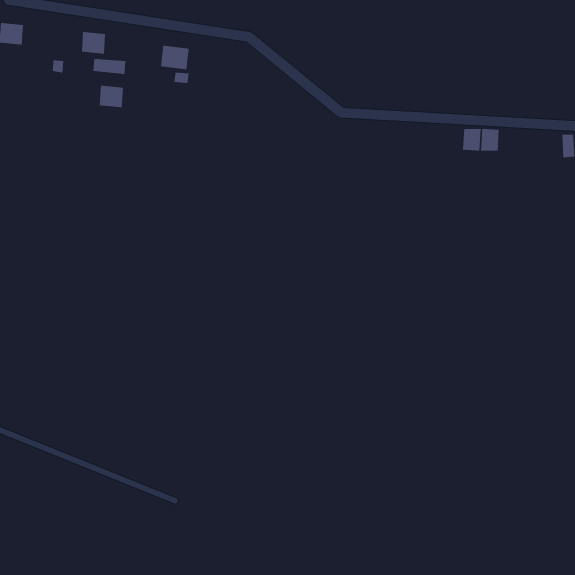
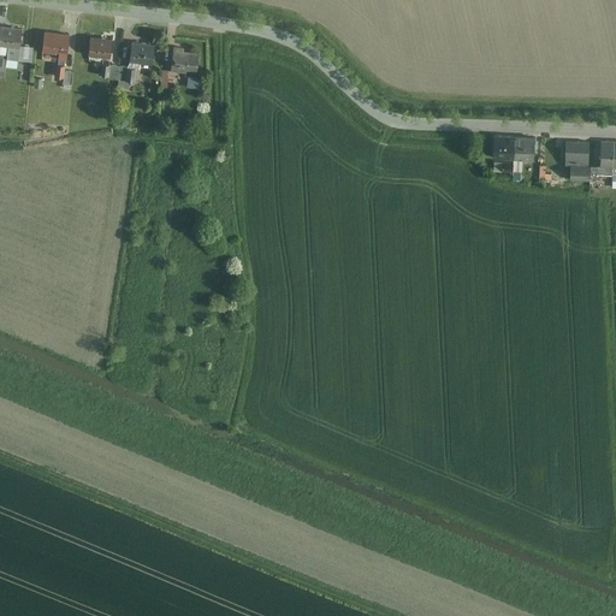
building: none -> [43,31,70,55]
building: [99,85,124,108] -> [129,41,155,65]
building: none -> [563,144,592,182]

